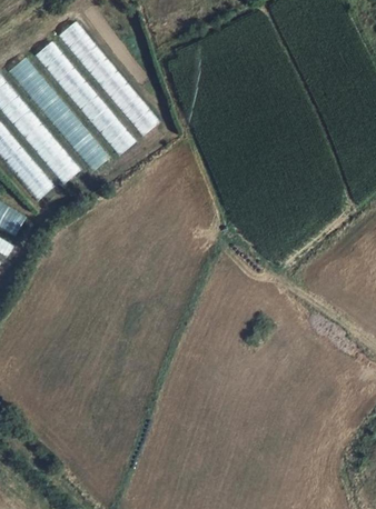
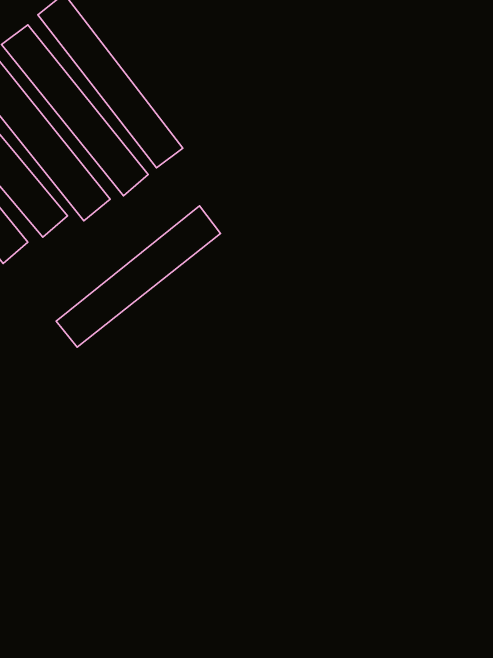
building: none -> [56,206,220,347]

